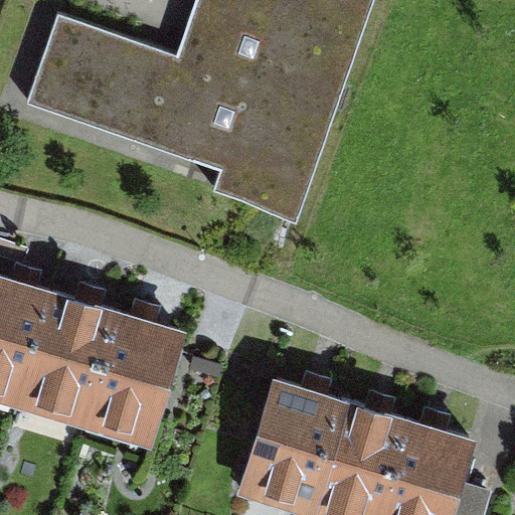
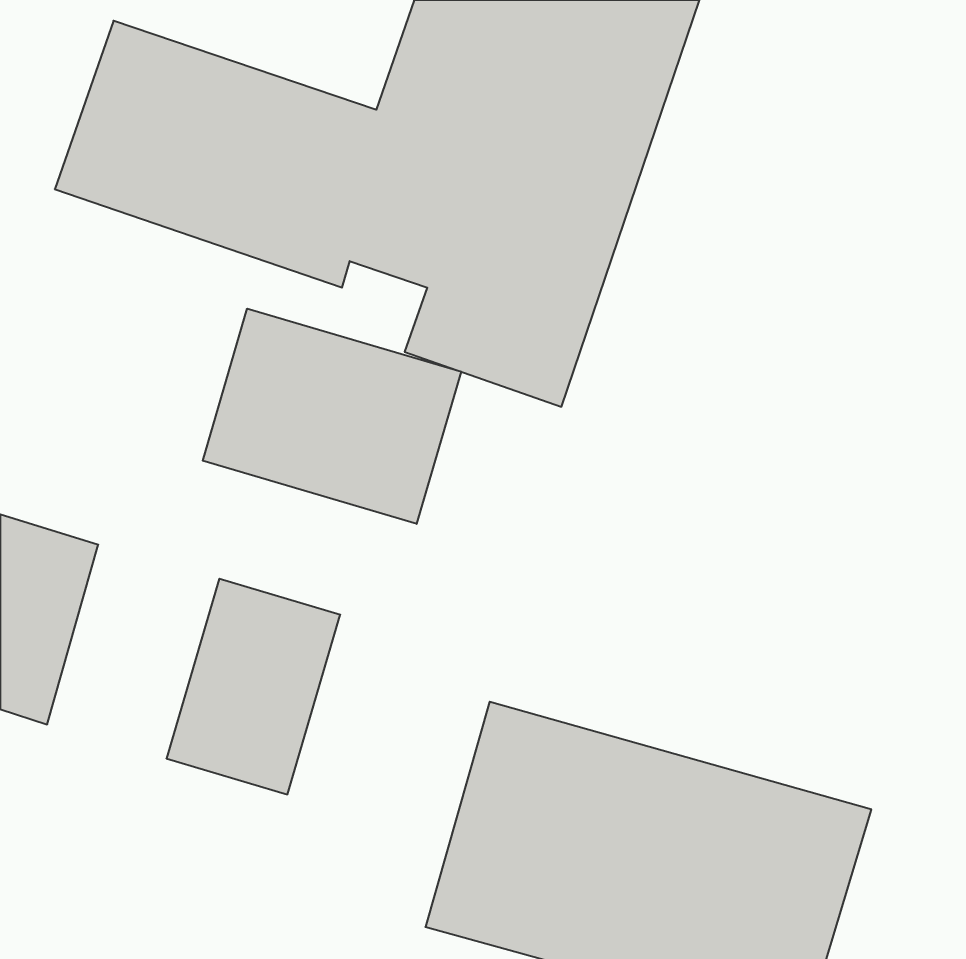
building: none -> [203,309,461,524]
building: [25,294,117,407] -> none

